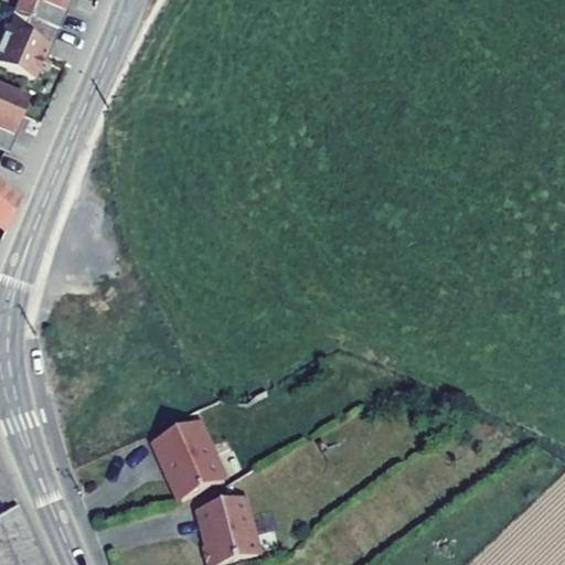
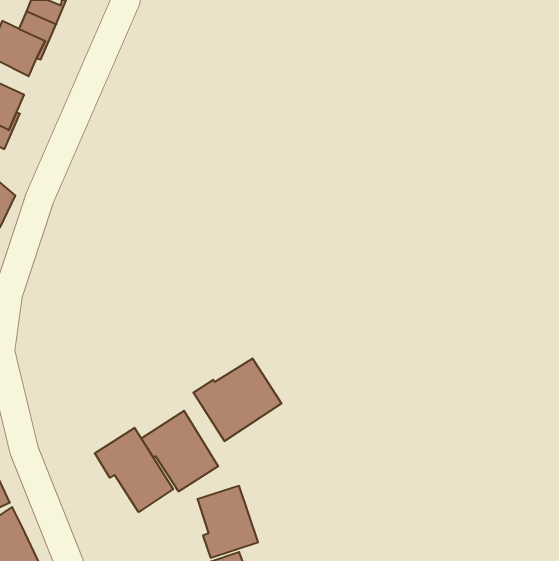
building: none -> [193,358,281,441]
building: none -> [95,428,173,512]

